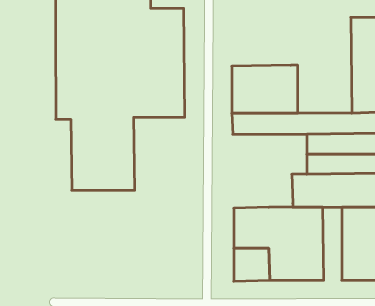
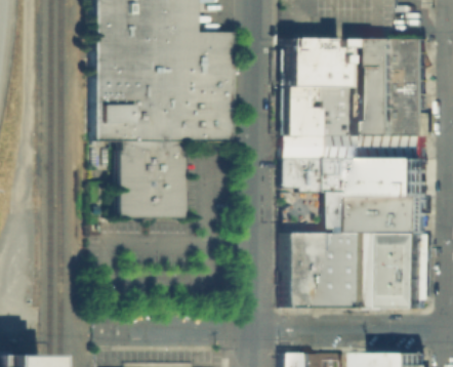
building: none -> [344,37,401,135]
building: none -> [278,38,338,87]
building: none -> [279,157,355,228]
building: none -> [371,232,390,307]

